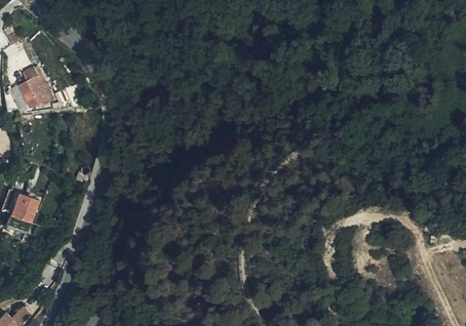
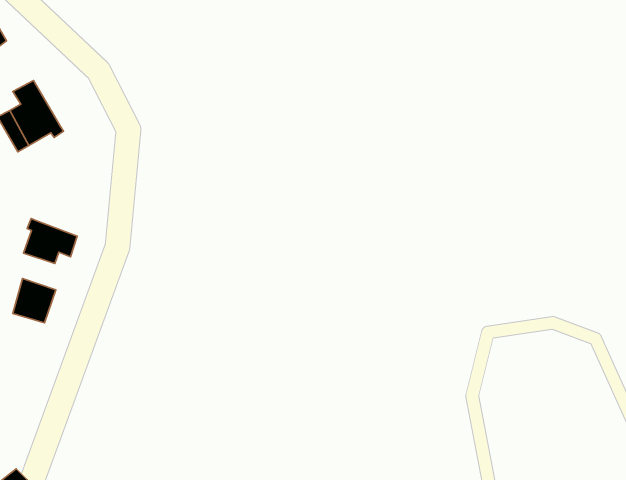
building: none -> [23,219,77,264]

